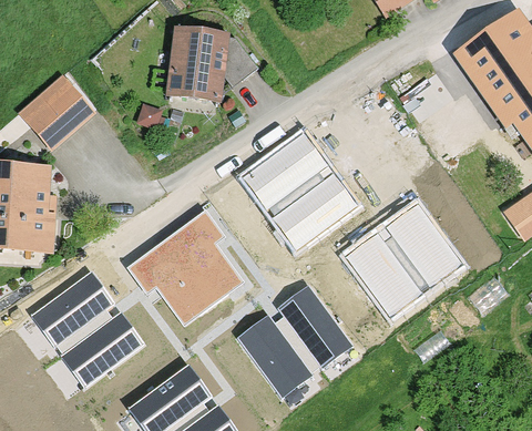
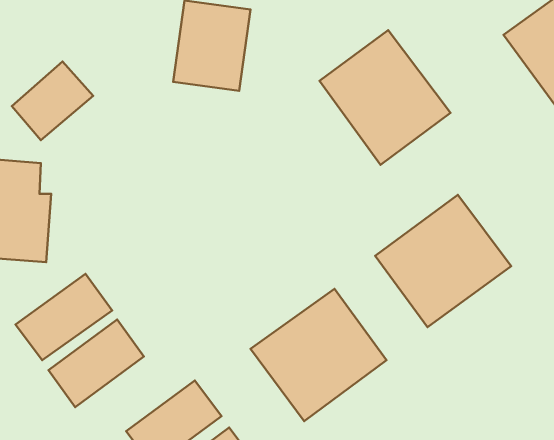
building: [242,130,356,247] -> [319,30,450,165]
building: [126,207,244,325] -> none

